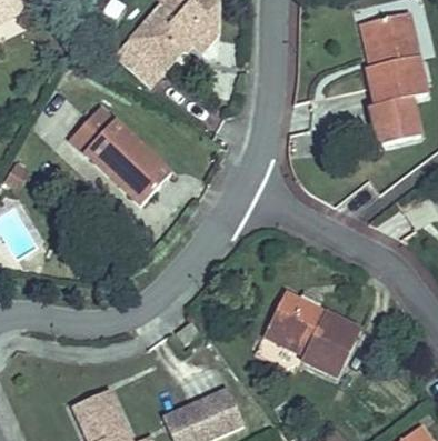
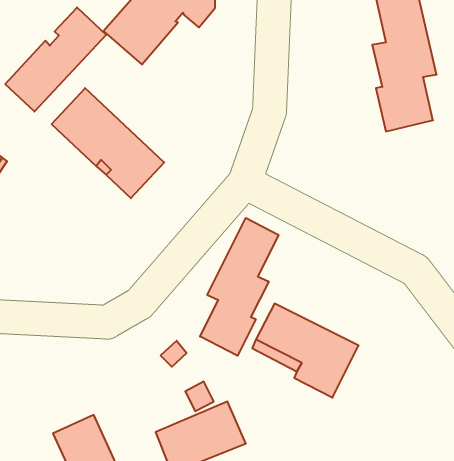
building: none -> [5,7,106,112]
building: none -> [200,218,278,356]

